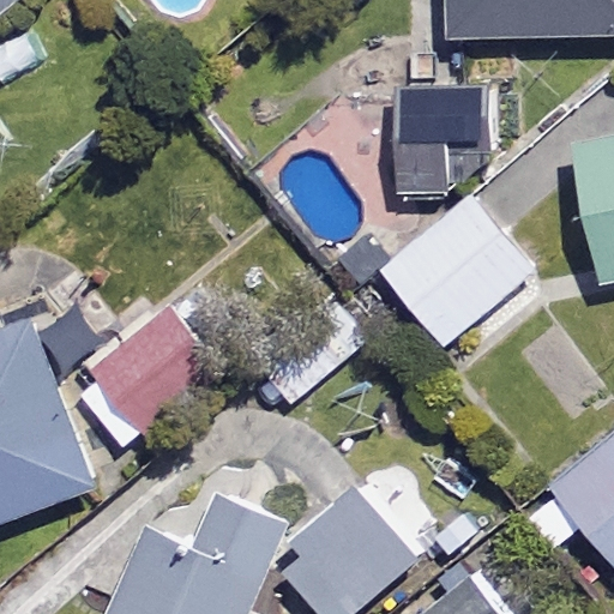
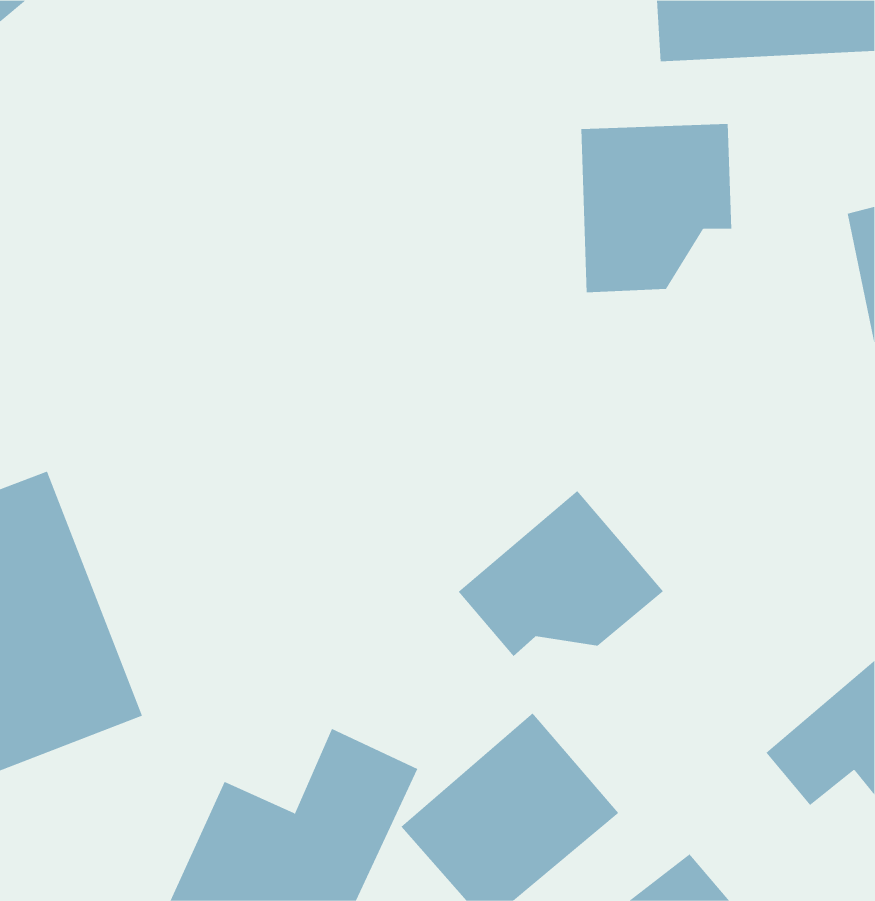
building: [378,195,529,345] -> none
building: [72,311,221,446] -> none
building: none -> [458,490,664,657]

